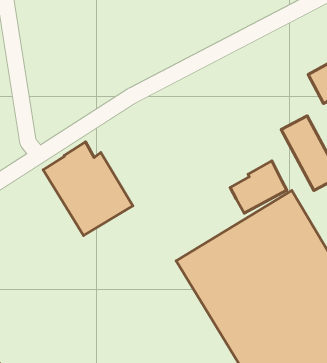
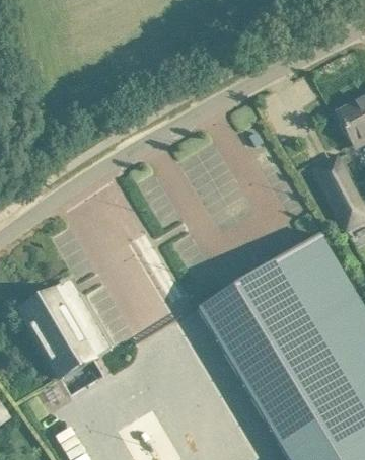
building: [43,142,133,236] -> [19,281,114,379]
building: [230,161,287,213] -> none

